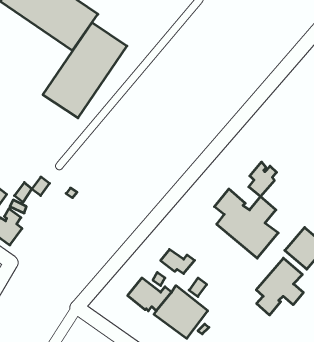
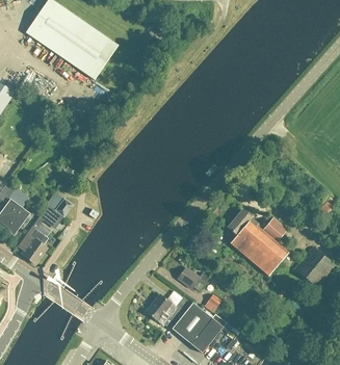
building: [43,23,127,118] -> none
building: [249,162,277,197] -> none
building: [256,258,303,315] -> none

